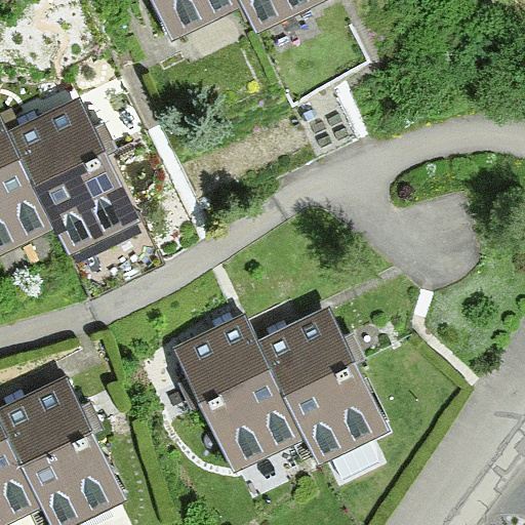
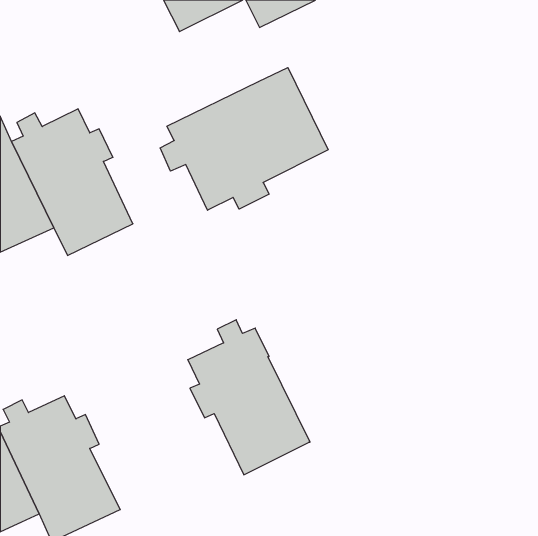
building: none -> [160,68,328,210]
building: [261,318,380,460] -> none

